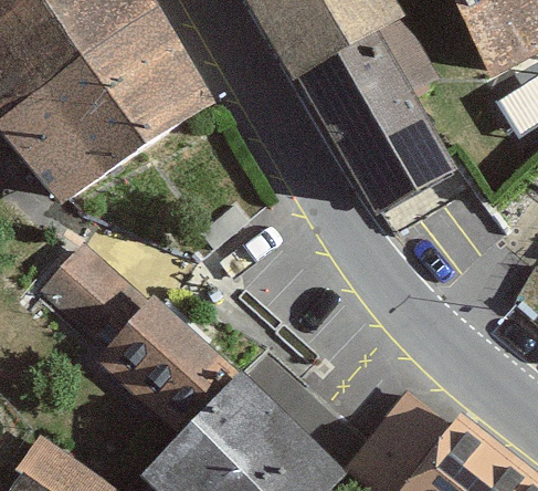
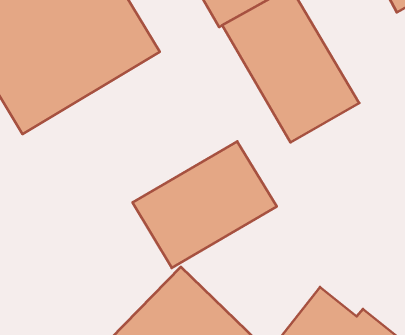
building: none -> [133,141,277,268]
building: [38,243,226,426] -> none

